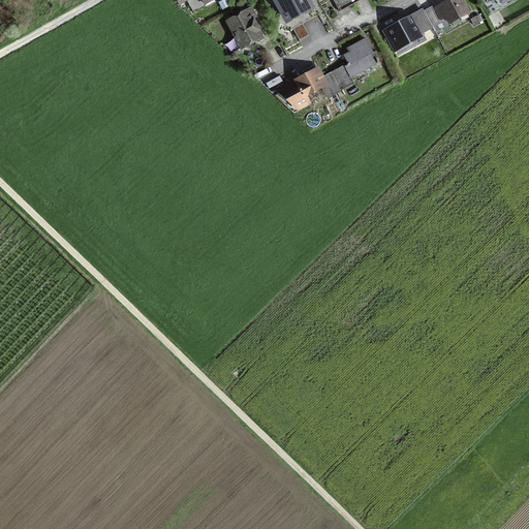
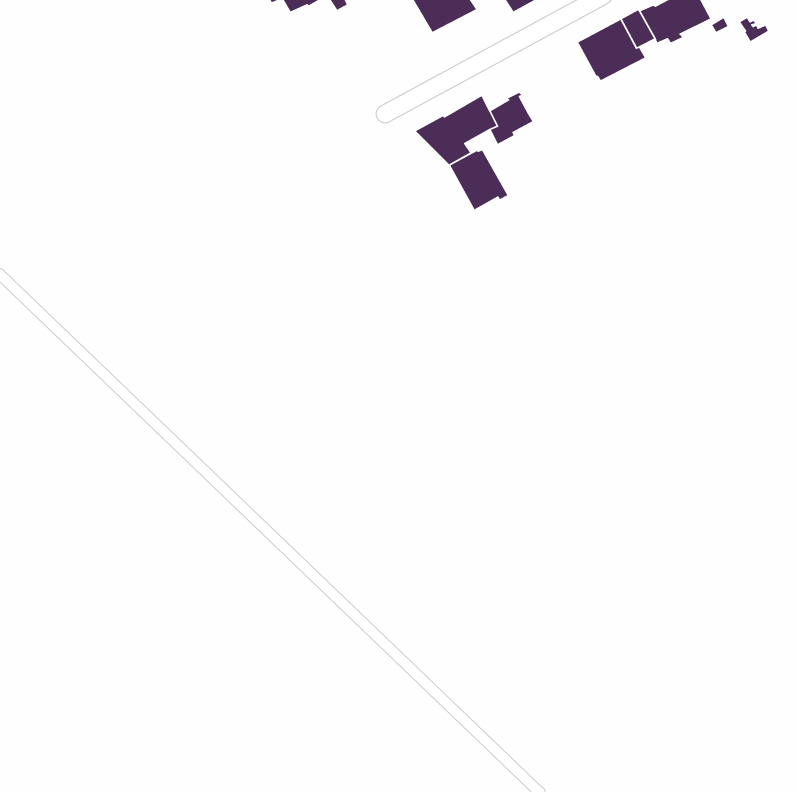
building: [225,4,264,49] -> none
building: [343,35,378,75] -> none
building: none -> [449,149,509,210]

